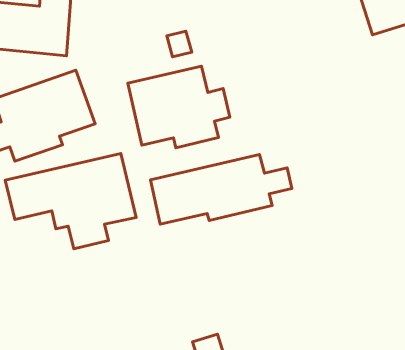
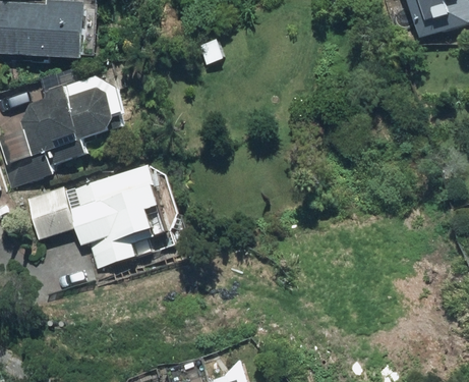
building: [128,66,230,148] -> none
building: [150,155,292,224] -> none

